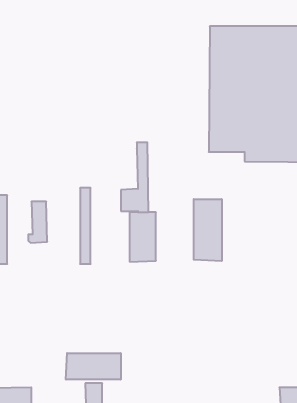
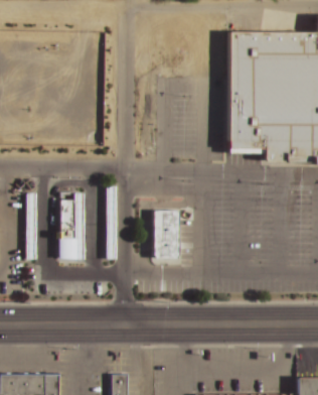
building: [121,142,148,212] -> [58,193,85,260]
building: [194,199,222,261] -> none
building: [66,353,121,380] -> none

